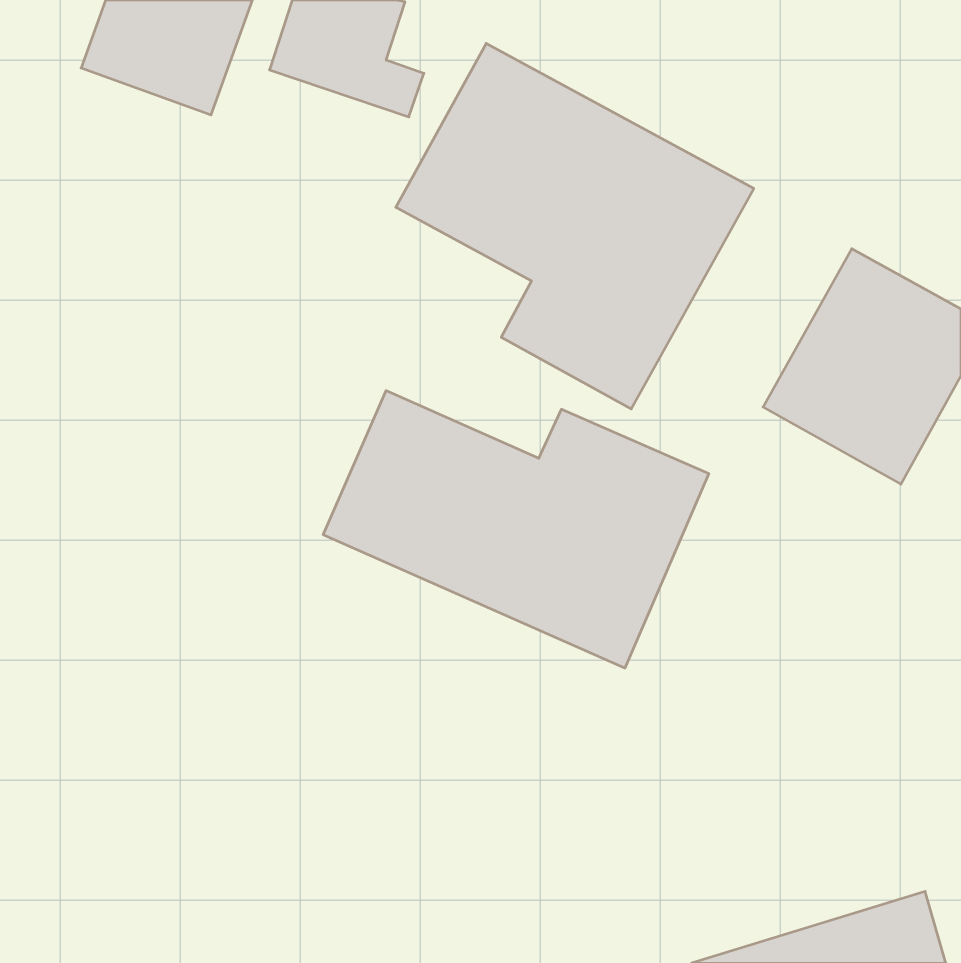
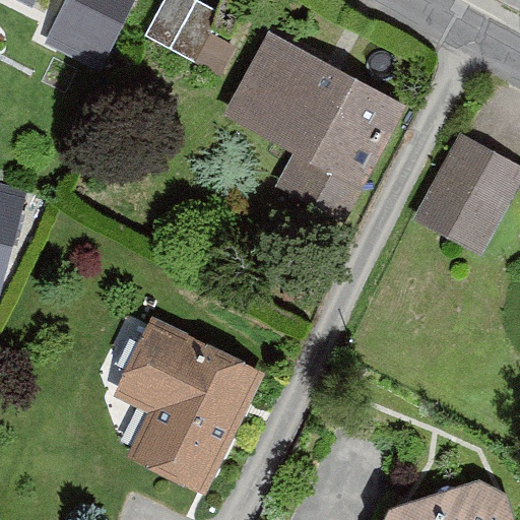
building: [323,391,709,668] -> none
building: none -> [119,321,255,483]

